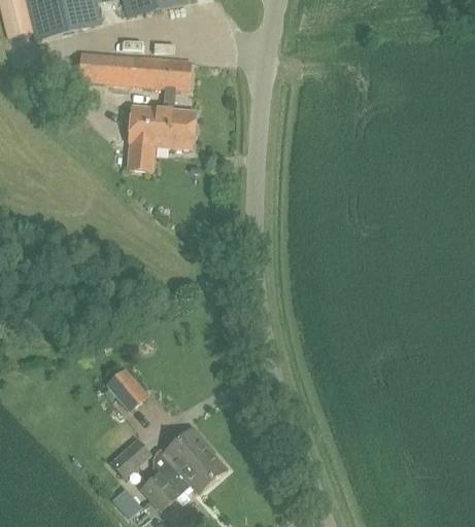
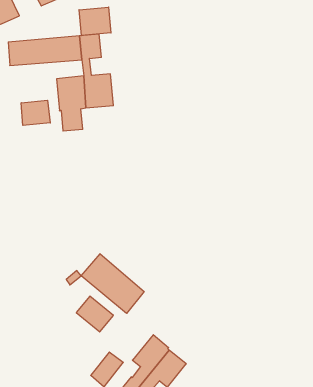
building: none -> [79,7,111,36]
building: none -> [21,100,50,125]
building: none -> [81,254,144,313]

